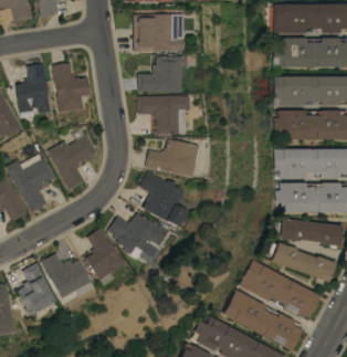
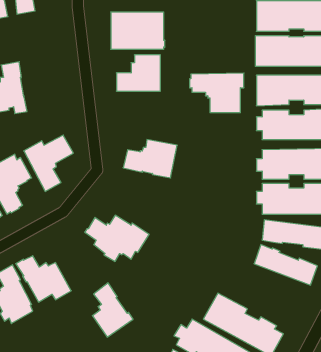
building: [52,62,90,113] -> none
building: [136,95,189,134] -> [190,73,244,113]
building: [139,171,187,227] -> none
building: [85,227,125,280] -> [92,283,133,337]
building: [241,260,319,319] -> none

